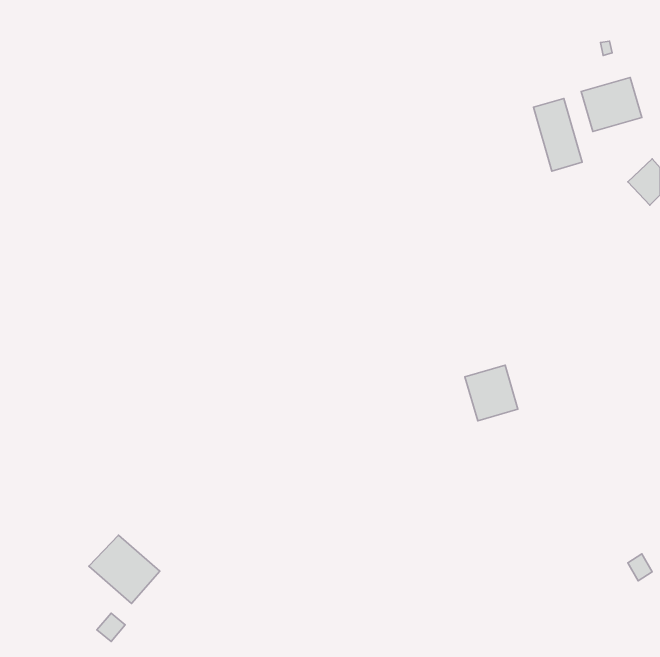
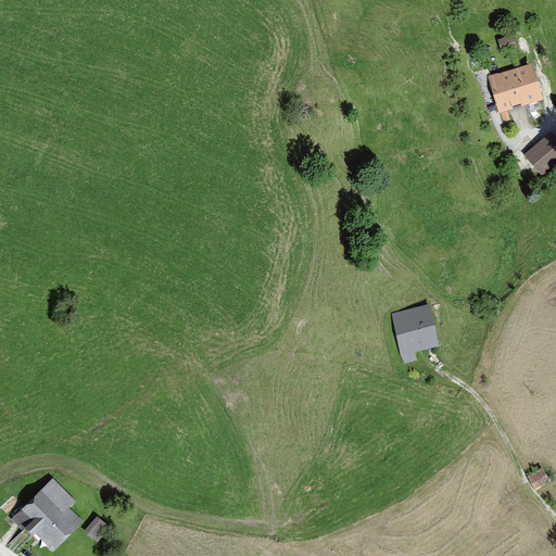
building: [533,99,582,171] -> none
building: [89,535,160,604] -> [21,488,80,545]

